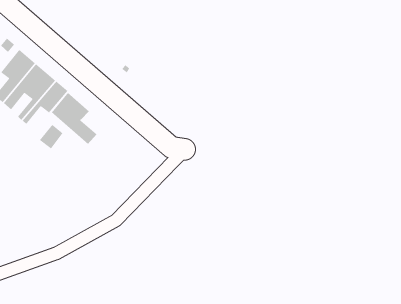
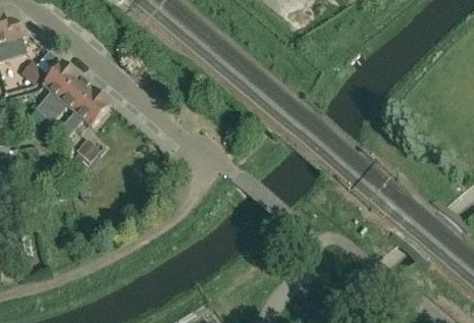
building: [51,92,97,145] -> none

